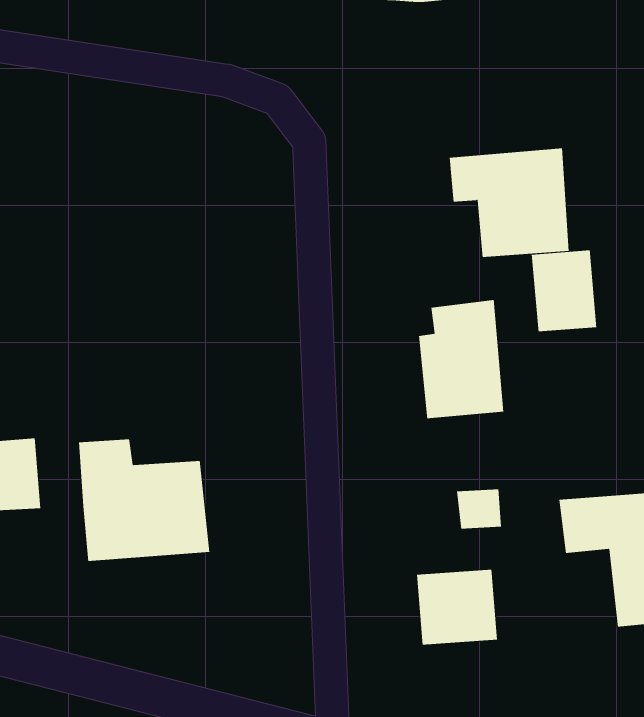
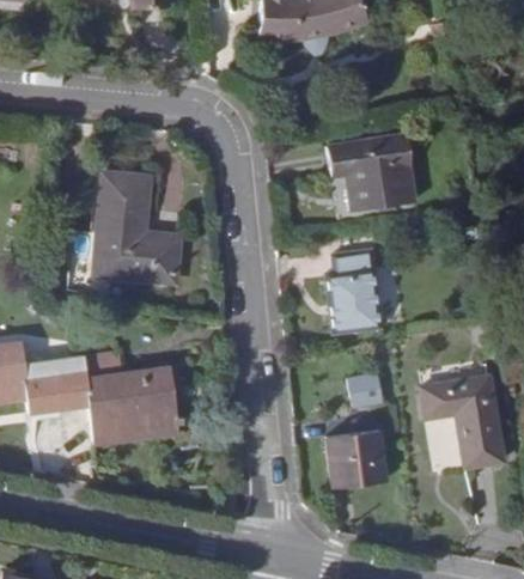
building: none -> [92,185,177,280]
building: [531,250,597,332] -> none
building: none -> [54,355,90,409]

